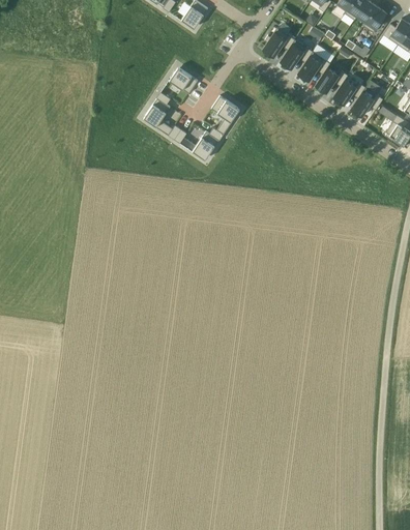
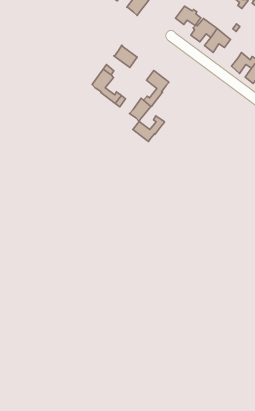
building: none -> [176,6,201,26]
building: [298,51,330,80] -> none
building: none -> [133,116,164,141]

